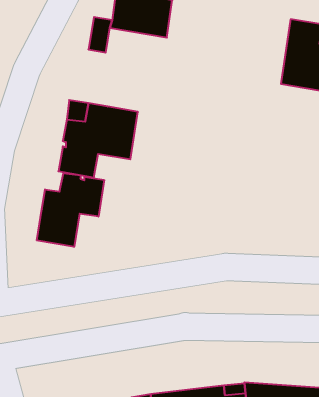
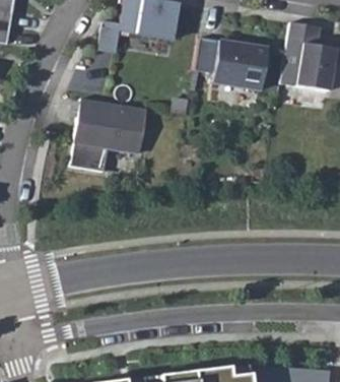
building: none -> [195,38,268,89]
building: [37,173,104,247] -> none

